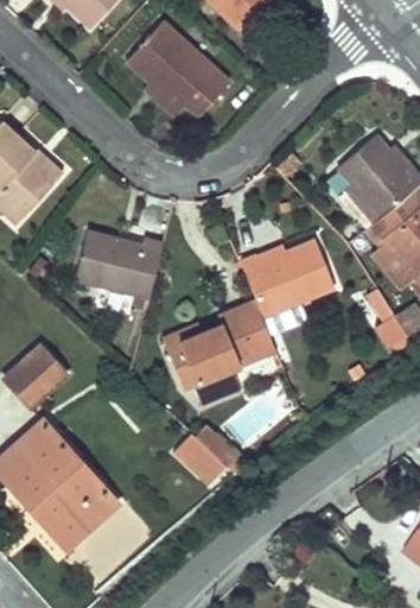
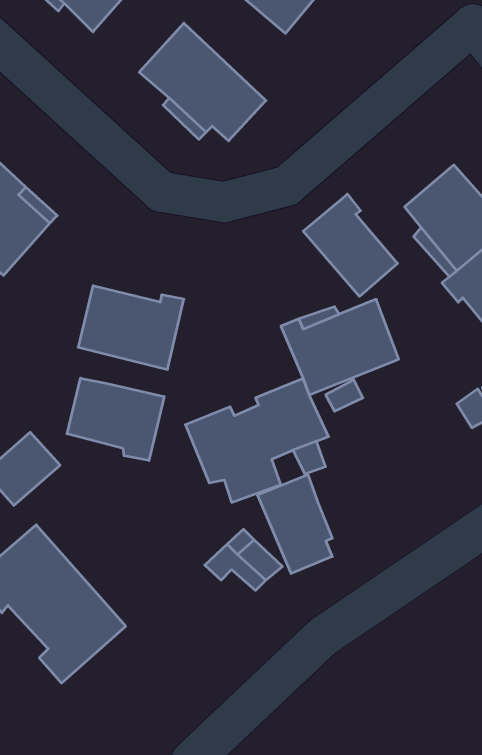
building: none -> [303,194,398,296]
building: none -> [67,378,164,461]
building: none -> [258,475,332,574]

